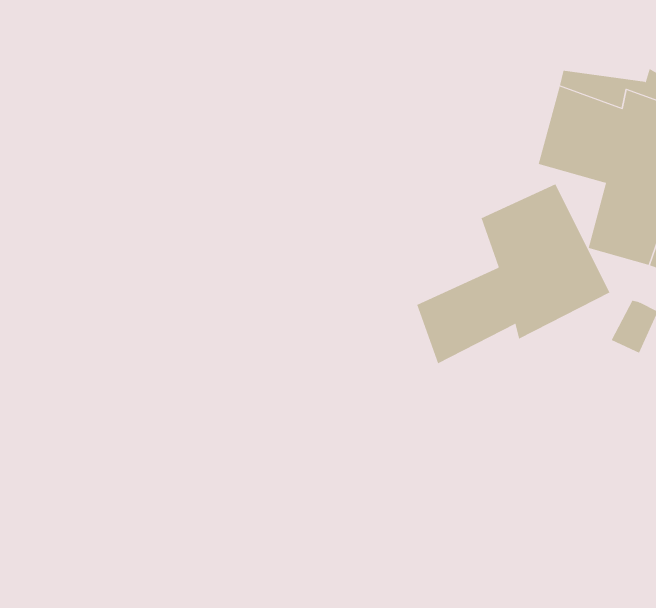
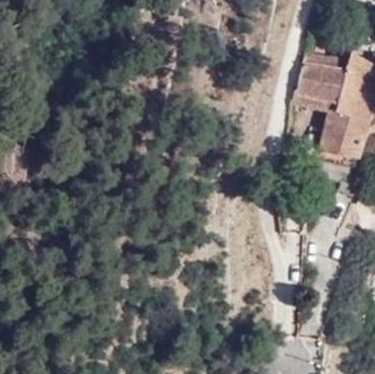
building: [416,184,610,364] -> none

